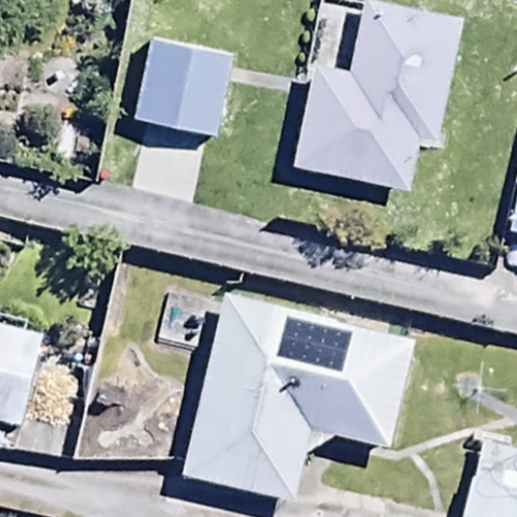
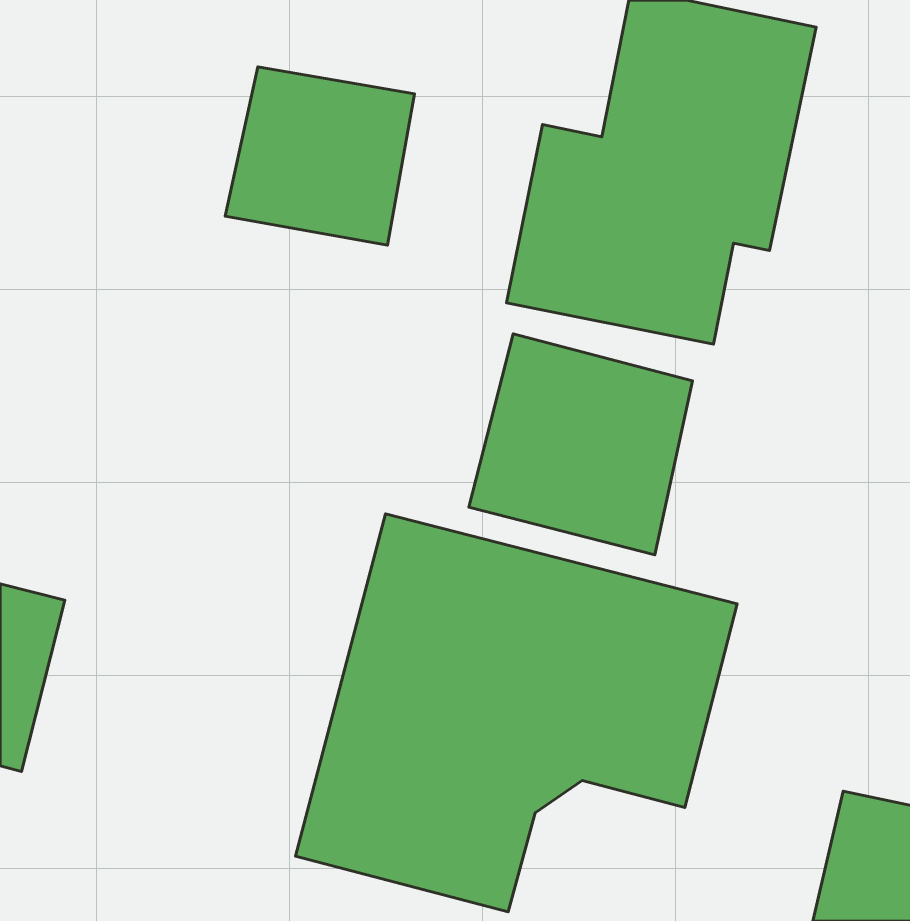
building: none -> [469,334,692,555]

